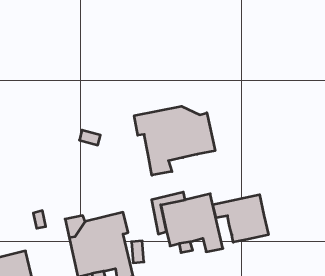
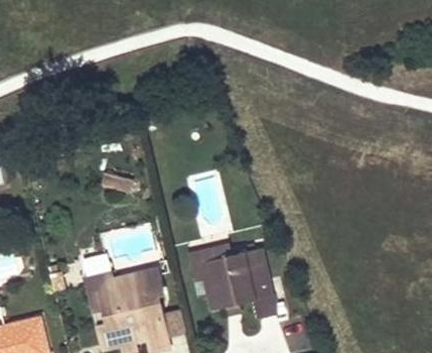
building: [134,106,215,175] -> none
building: [213,195,268,242] -> none

